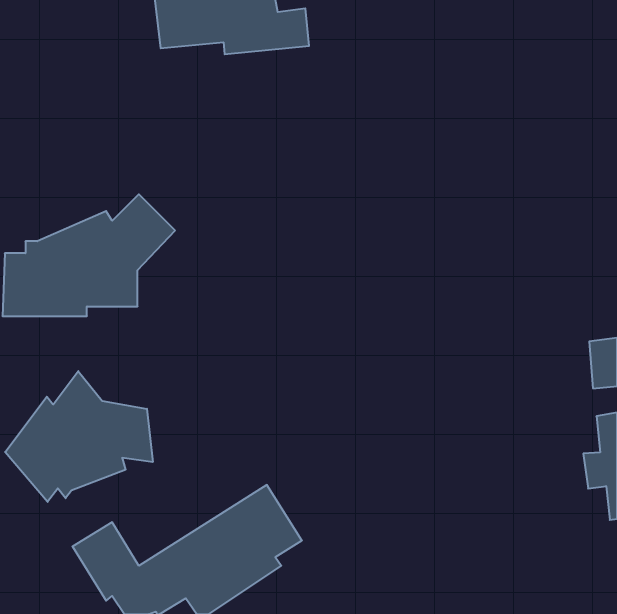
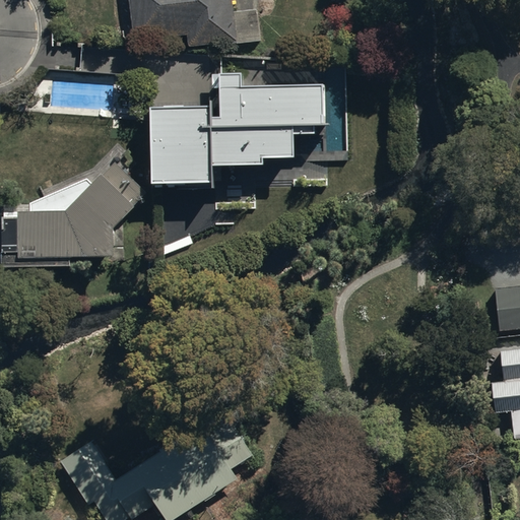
building: none -> [152,75,324,184]
building: [5,371,153,502] -> none

